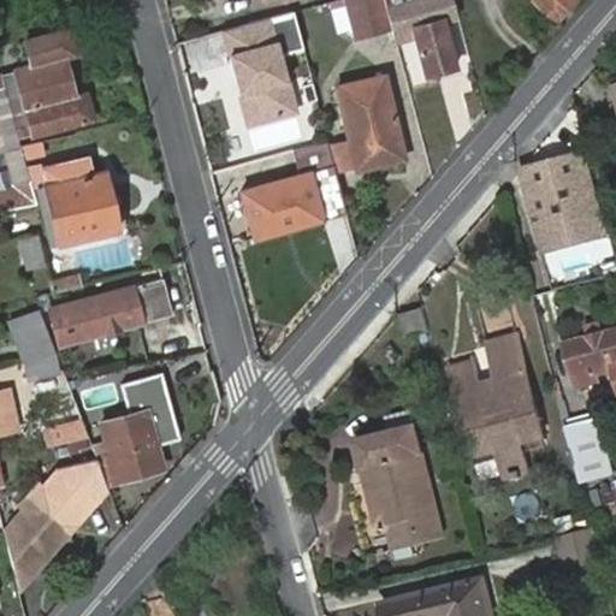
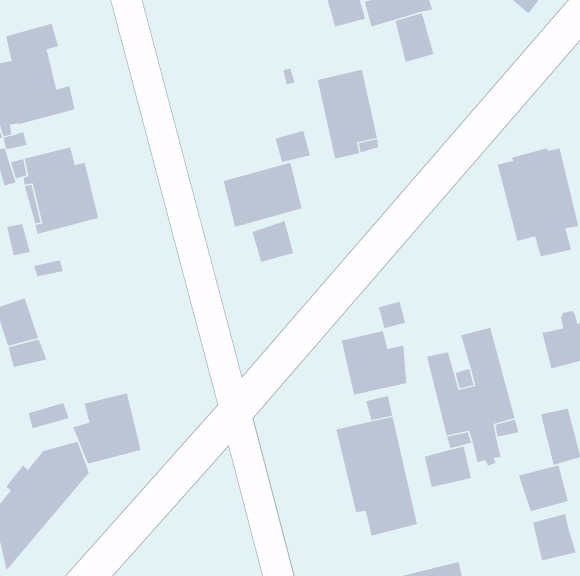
building: [223,19,296,126] -> none
building: none -> [252,220,294,263]
building: [51,279,174,343] -> none
building: none -> [341,330,407,395]
building: [122,373,172,413] -> none
building: none -> [424,445,472,488]
building: none -> [518,464,569,512]

